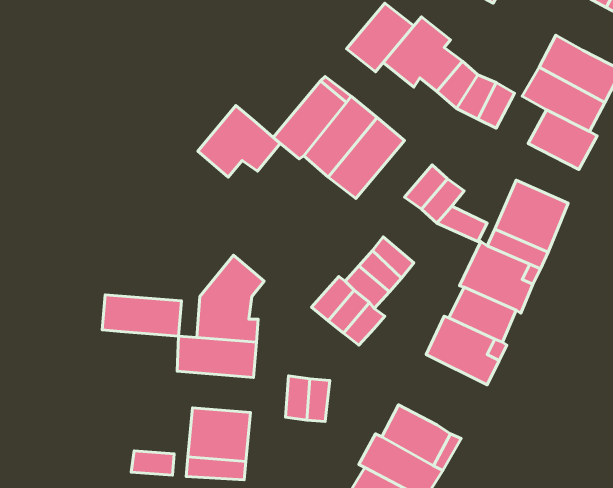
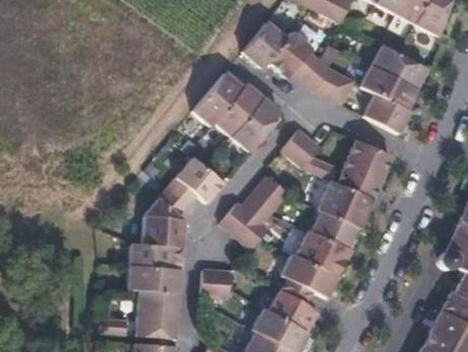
building: [198,105,280,177] -> [168,158,222,206]
building: [102,295,182,336] -> [128,266,181,293]
building: none -> [277,252,336,301]

